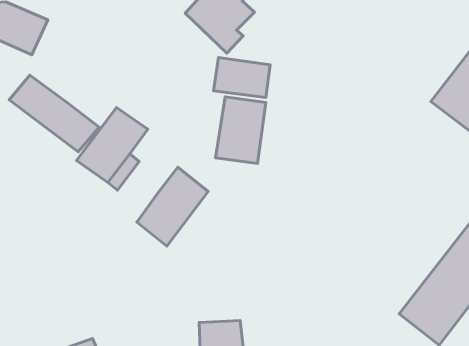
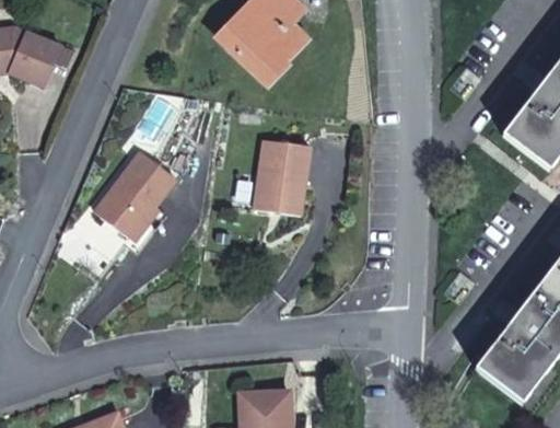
building: [214,58,270,97] -> none
building: [9,75,99,152] -> none
building: [137,167,208,246] -> none

